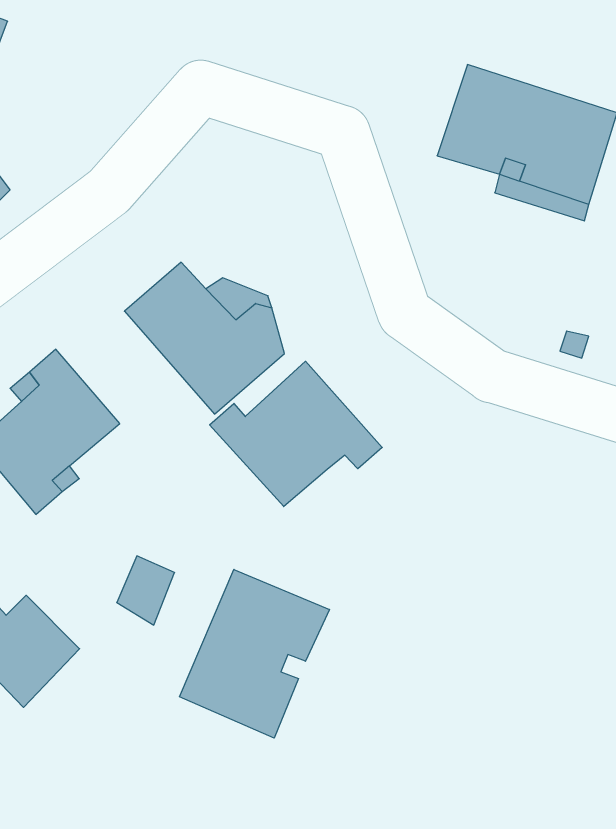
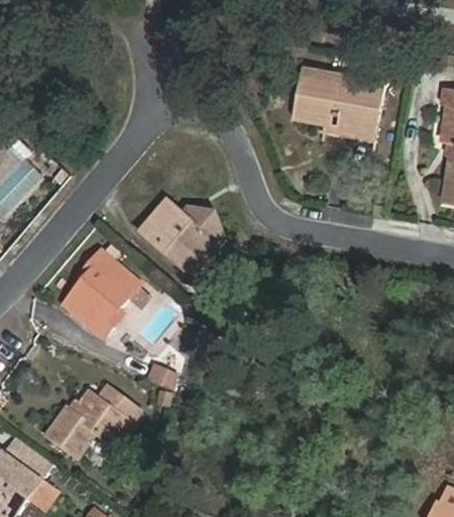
building: [210,361,382,507] -> none
building: [180,569,329,738] -> none

